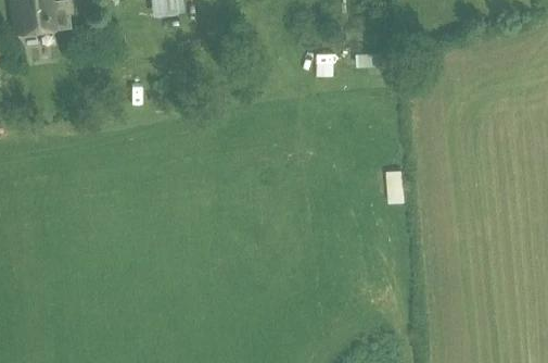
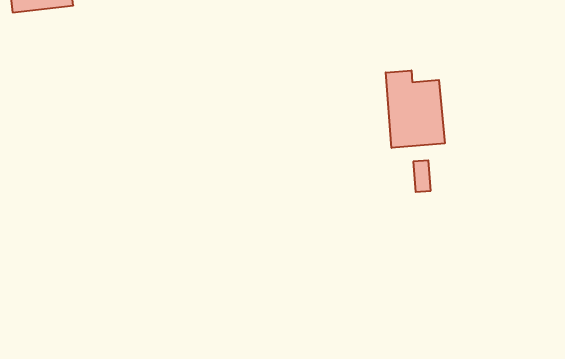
building: none -> [386,70,445,148]

